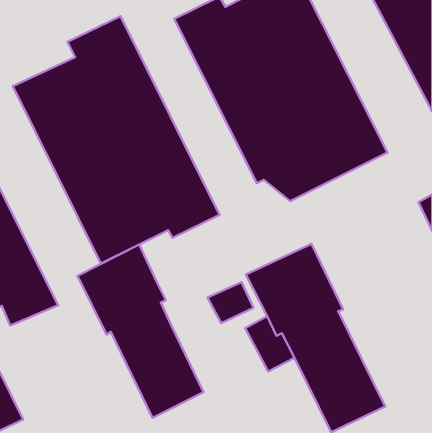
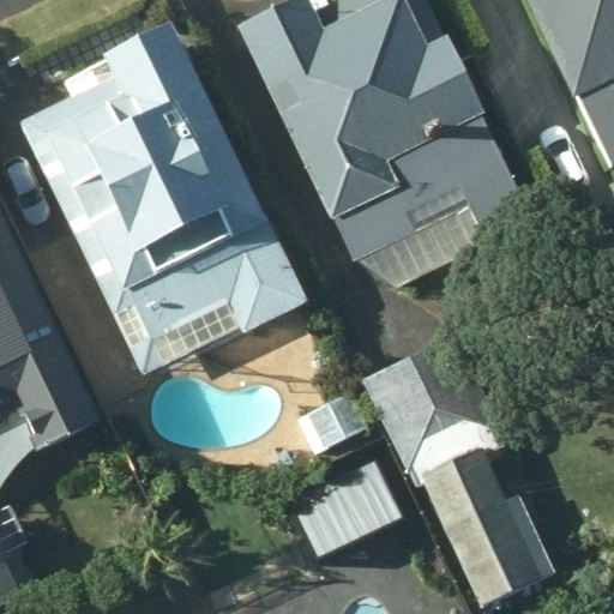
building: [77,245,203,418] -> none

